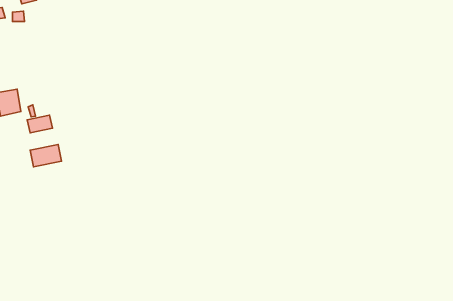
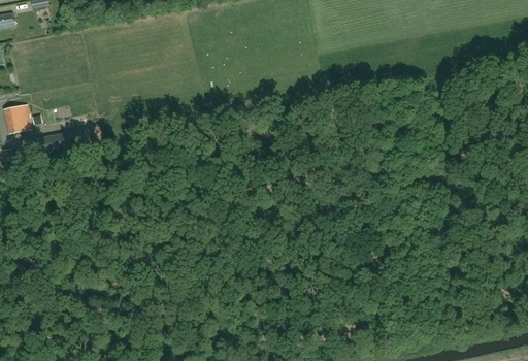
building: [30,145,61,167] -> none

